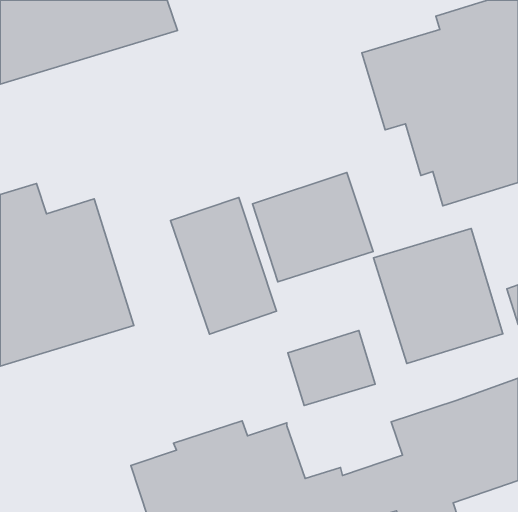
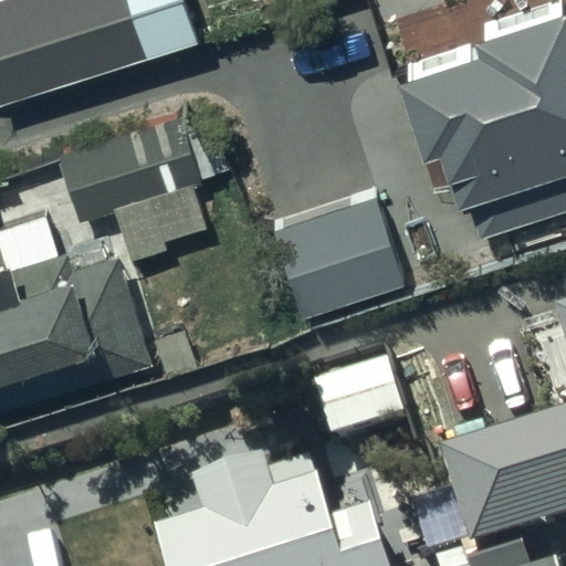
building: none -> [52,114,226,260]
building: [170,198,277,334] -> none
building: [373,228,503,363] -> none

